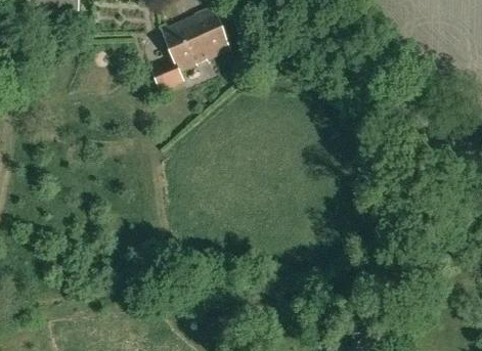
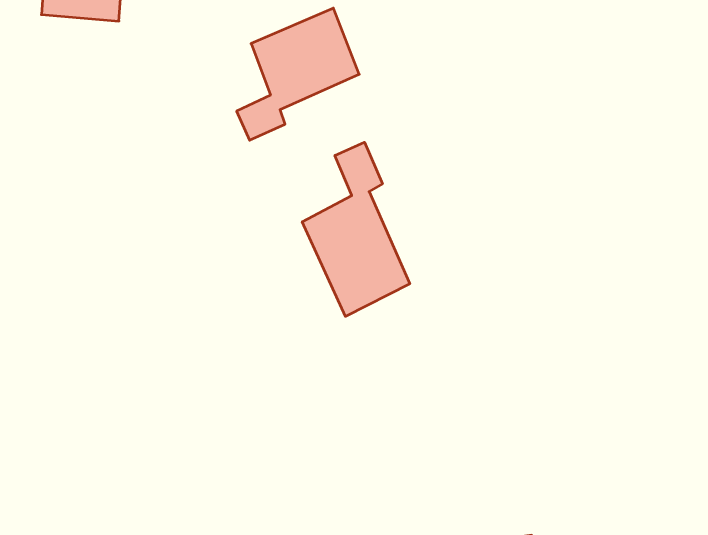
building: none -> [302,142,410,316]

